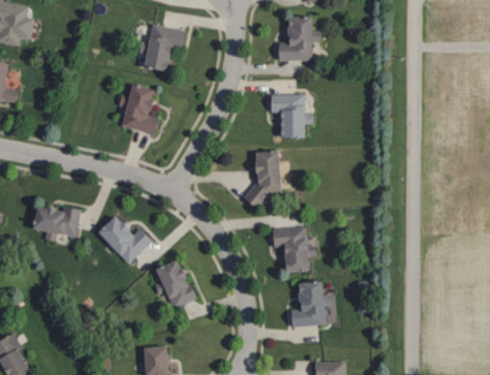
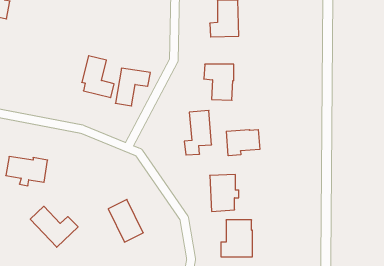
building: [144,24,186,69] -> [115,68,150,106]
building: none -> [226,130,260,156]
building: [96,215,154,264] -> [30,206,78,247]

